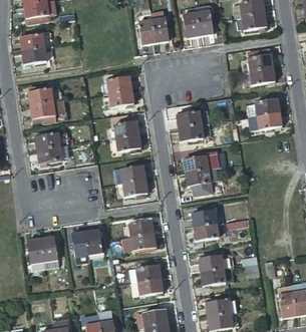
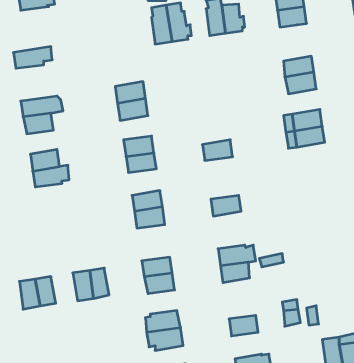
building: [20,24,55,50] -> none
building: [177,107,210,126] -> none
building: [184,154,215,172] -> none
building: [199,254,234,271] -> none

